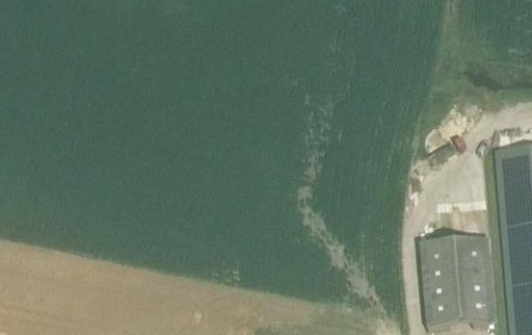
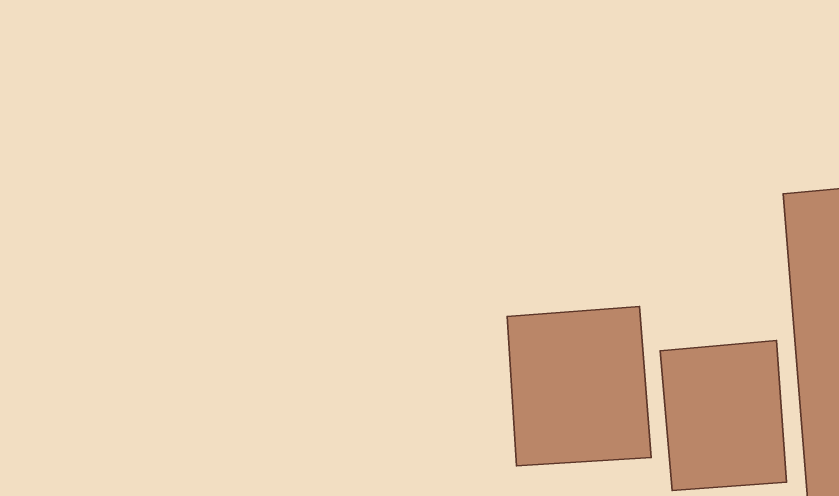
building: none -> [507,306,651,466]

